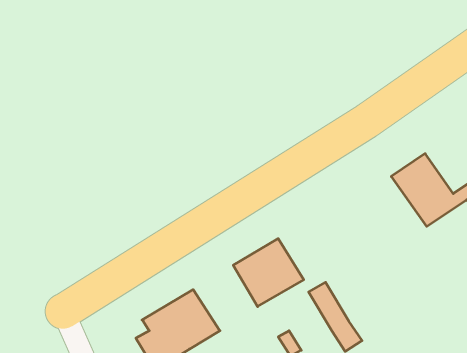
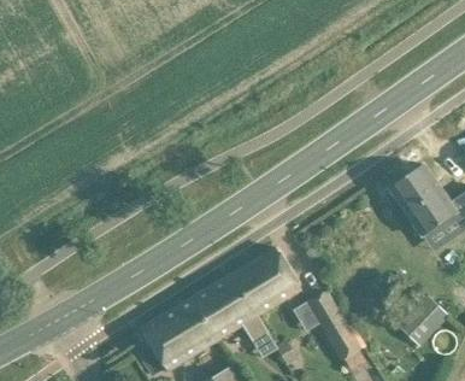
building: none -> [192,275,265,341]
building: none -> [400,298,447,345]

